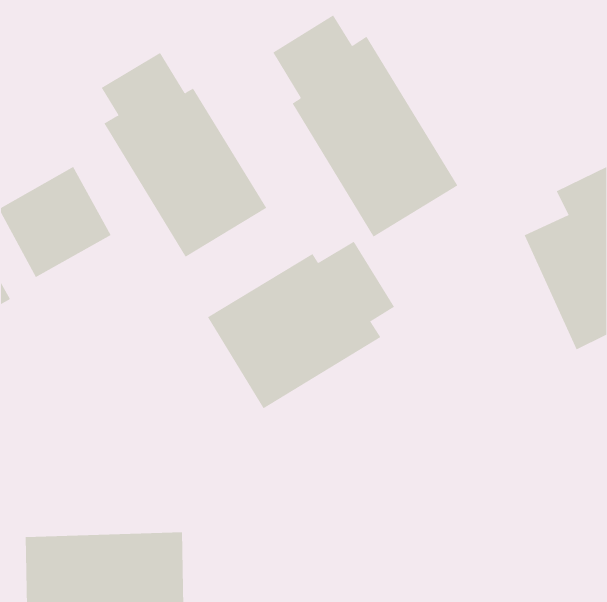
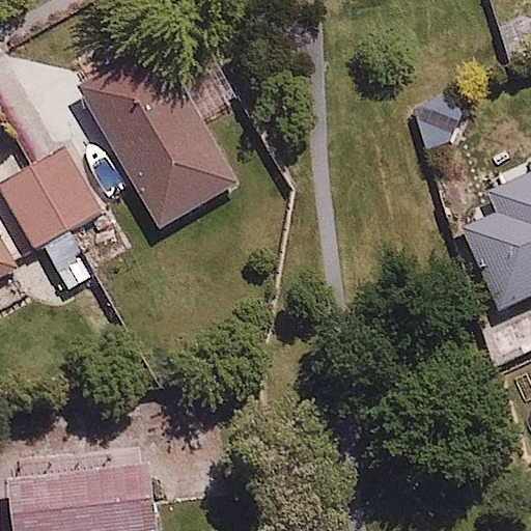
building: [273,15,458,238] -> none
building: [207,241,395,409] -> none

